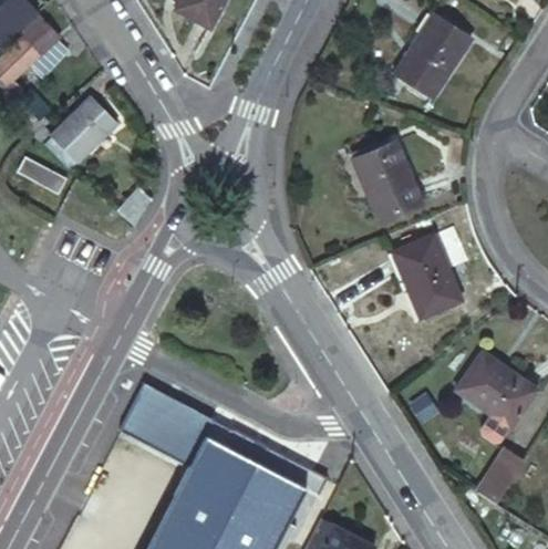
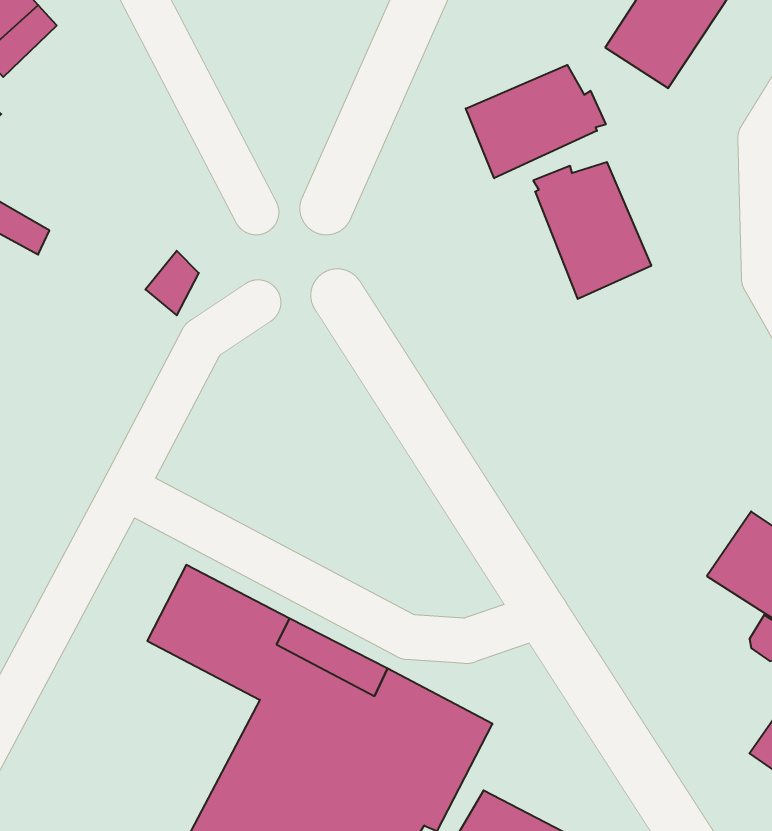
building: none -> [466,65,606,178]
building: [48,103,113,175] -> none
building: [391,232,461,317] -> none

